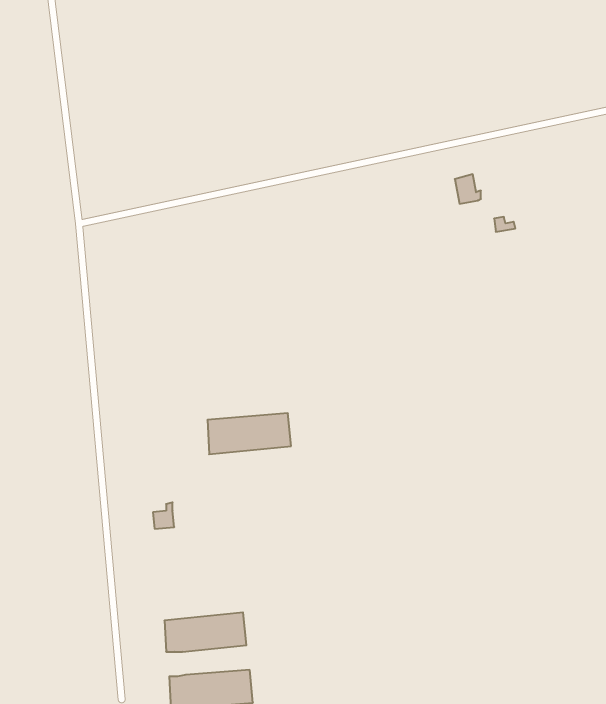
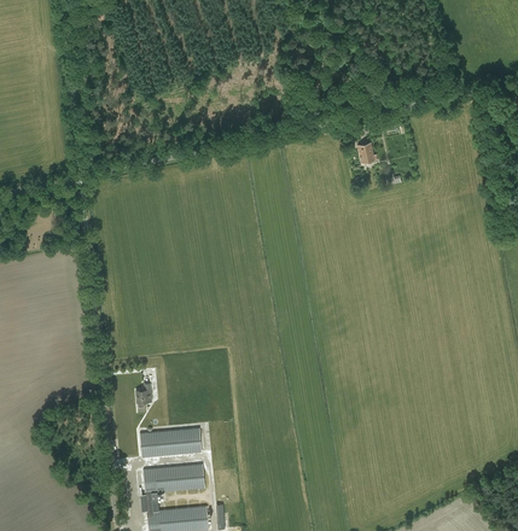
building: [207,413,291,454] -> [140,427,202,457]

